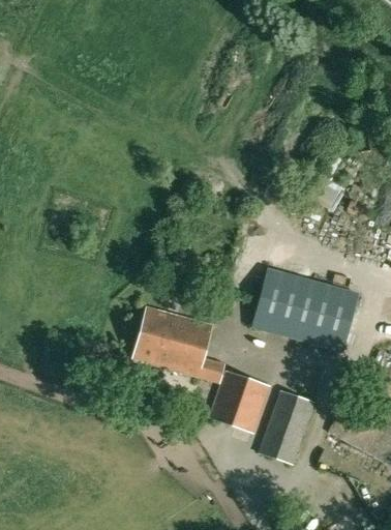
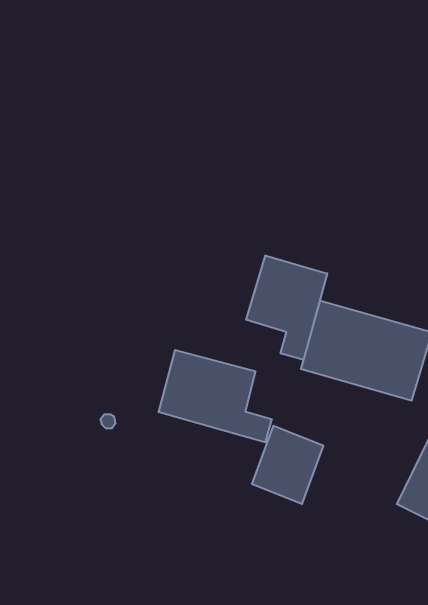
building: none -> [246,255,327,360]
building: [257,389,314,464] -> none

